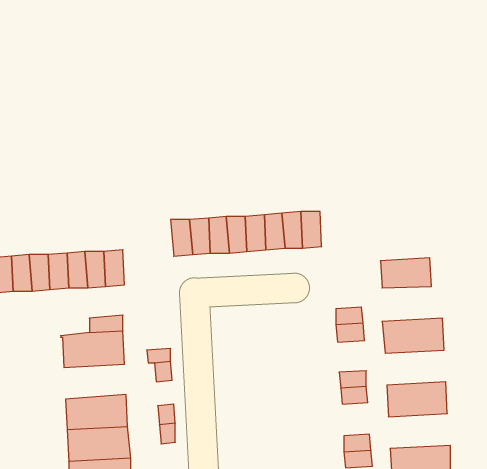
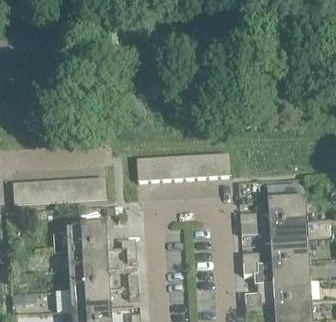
building: none -> [266,199,306,222]
building: none -> [270,240,308,262]
building: none -> [68,249,107,271]
building: none -> [272,280,311,302]

